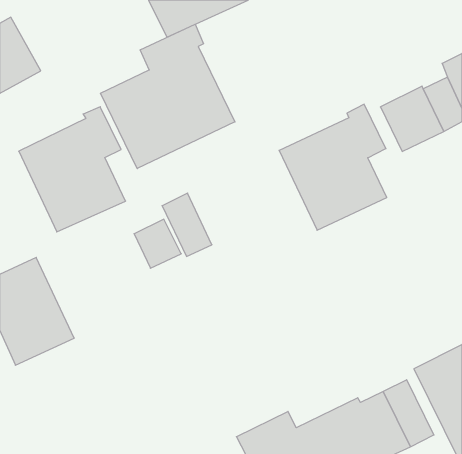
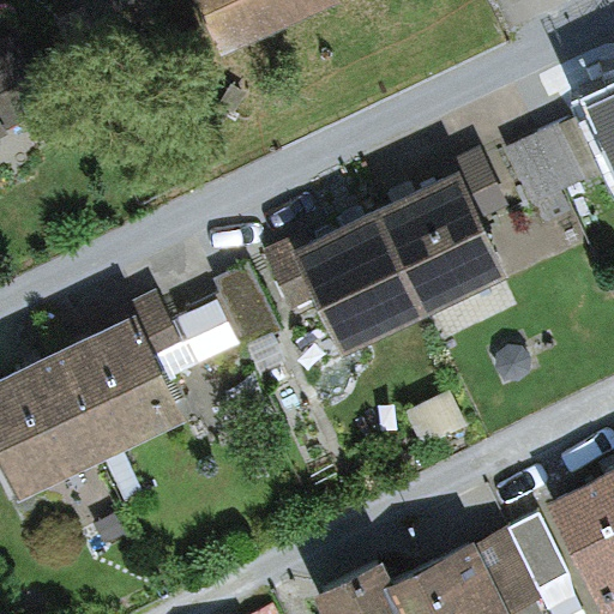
building: [100,24,235,169] -> none
building: [19,107,126,232] -> [48,294,189,459]
building: none -> [261,211,420,354]

